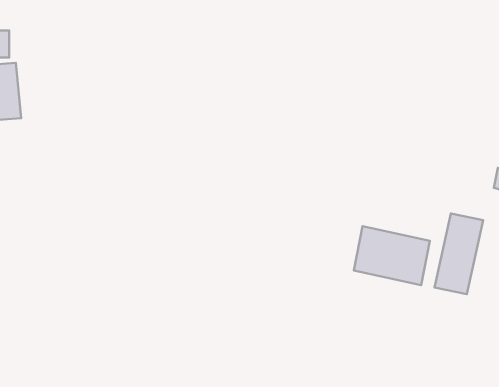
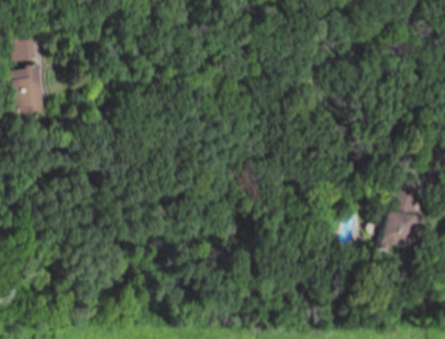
building: [354,226,430,285] -> none

